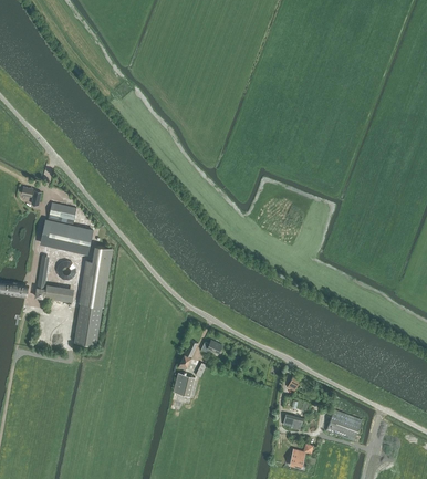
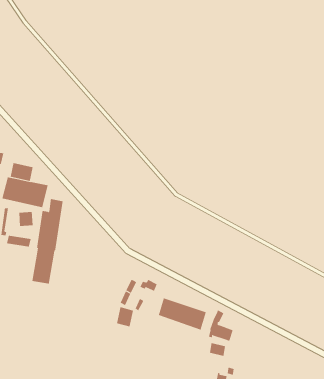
building: none -> [158,298,206,330]
building: [326,409,362,440] -> none

